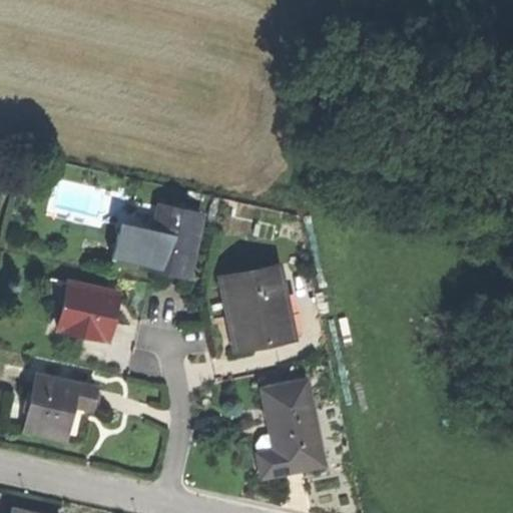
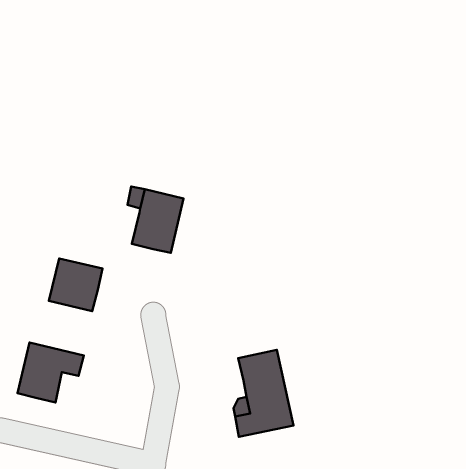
building: [116,225,157,268] -> none
building: [224,265,296,349] -> none

